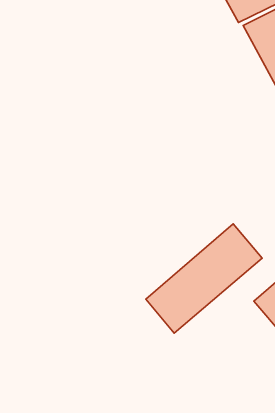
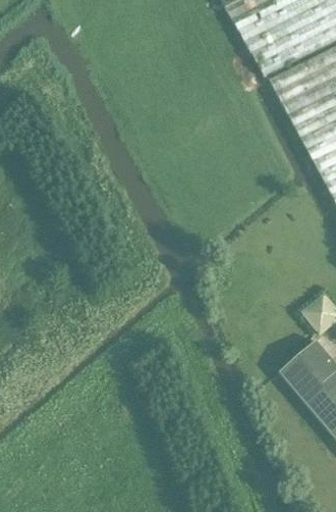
building: [146,224,262,333] -> none

